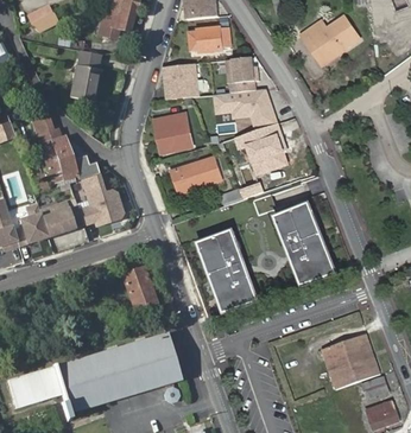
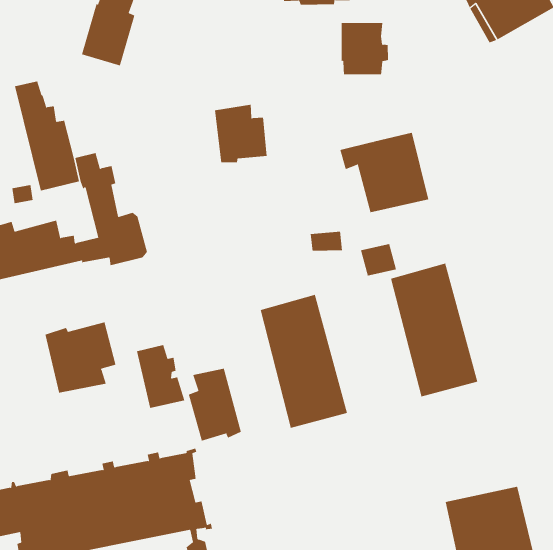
building: [164,63,201,98] -> none
building: [215,89,279,130] -> none
building: [171,157,223,192] -> none
building: none -> [45,322,116,394]
building: none -> [188,368,241,441]

